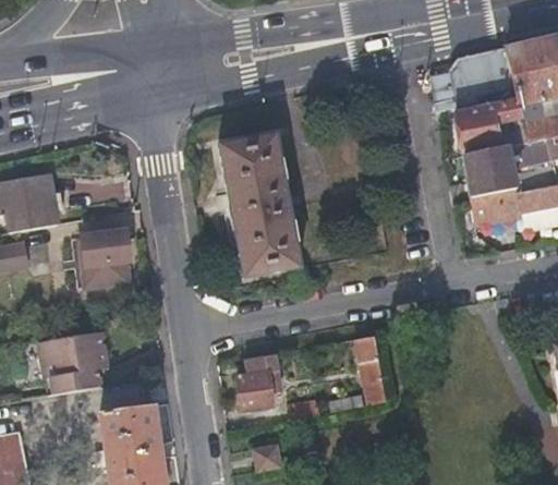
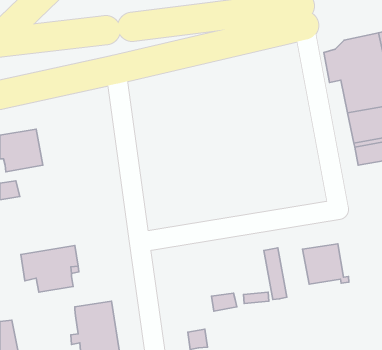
building: [219,134,299,277] -> none
building: [83,230,133,287] -> none
building: none -> [303,244,349,284]
building: [234,354,281,410] -> none

